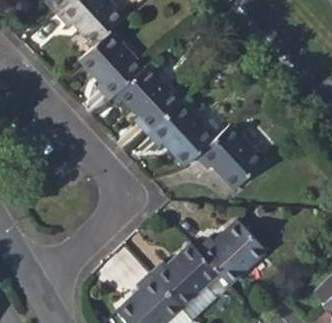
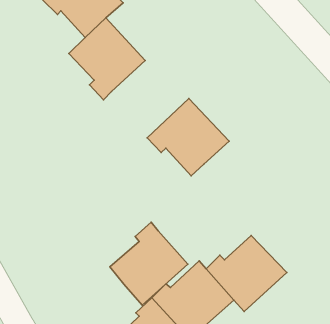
building: [117,62,184,133] -> none
building: [197,122,267,190] -> none
building: none -> [110,222,188,305]

